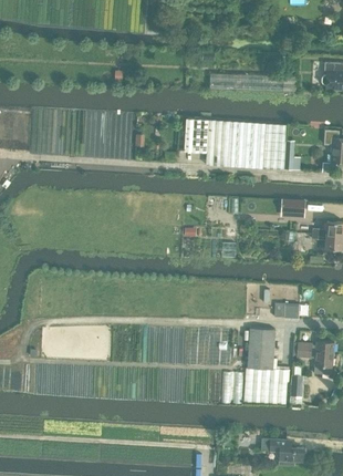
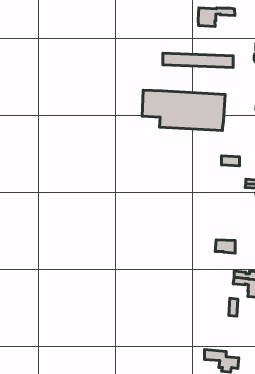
building: none -> [198,8,235,26]
building: [243,329,289,404] -> none

